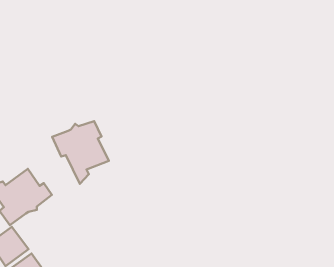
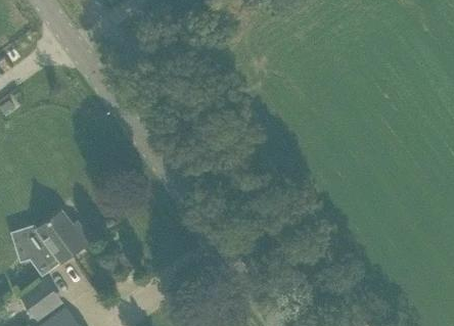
building: [52,121,109,184] -> none

